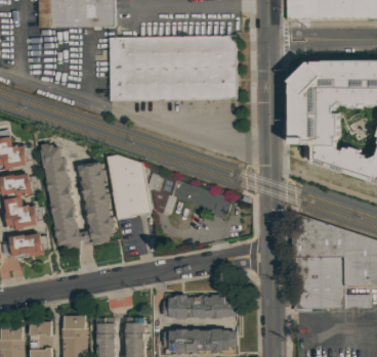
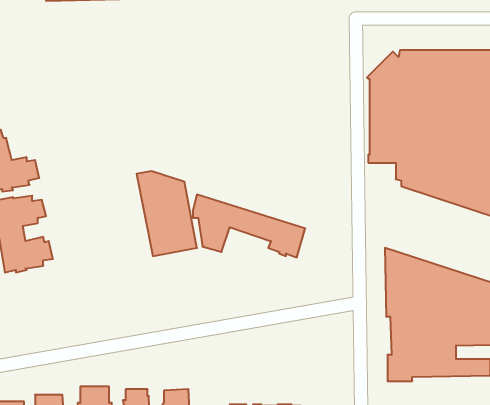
building: [110,35,240,100] -> none
building: [41,143,115,251] -> none
building: [9,233,49,259] -> none
building: [164,293,236,319] -> none

